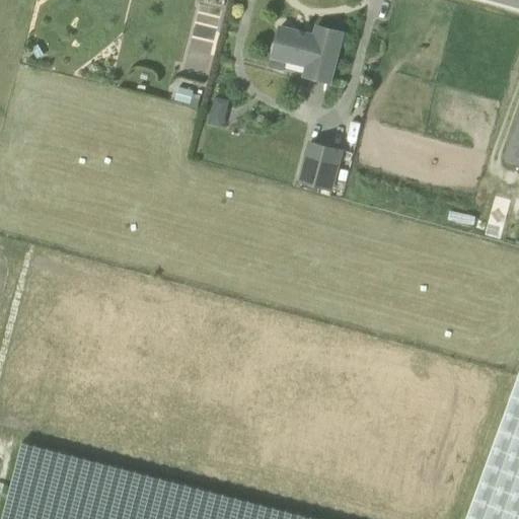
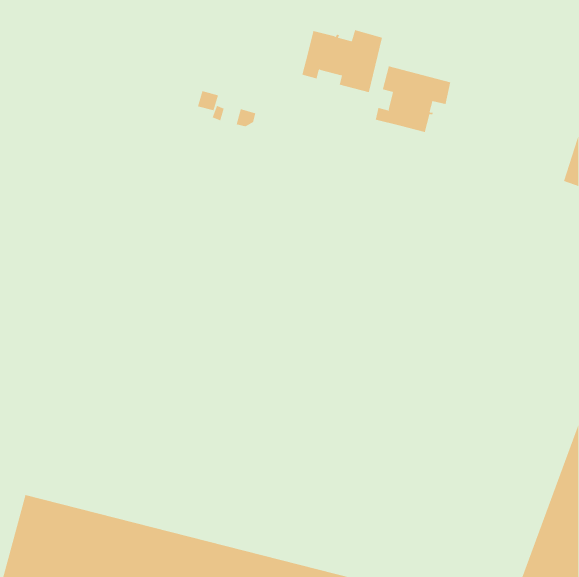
building: none -> [375,65,451,133]
building: [300,144,342,192] -> none

